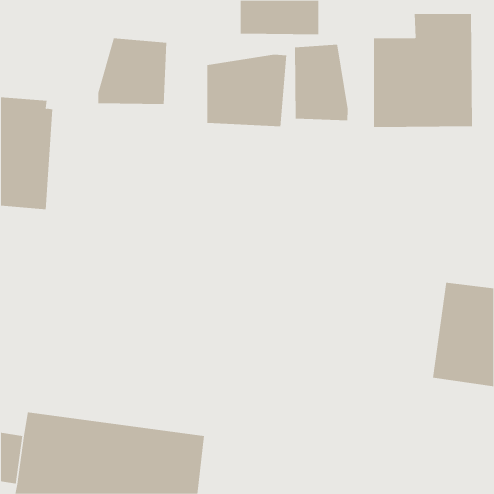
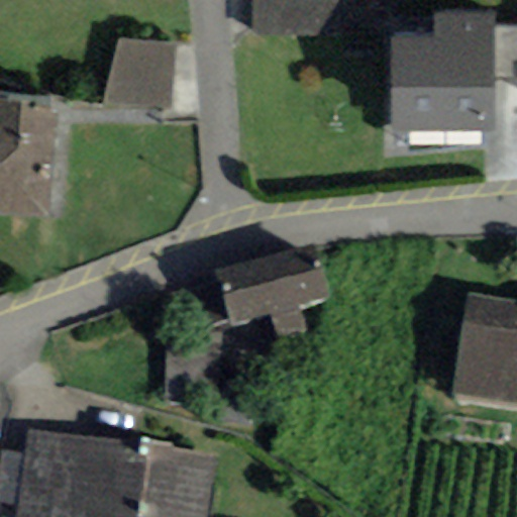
building: [294,44,348,121] -> none
building: [207,54,287,127] -> none
building: none -> [213,244,327,343]

